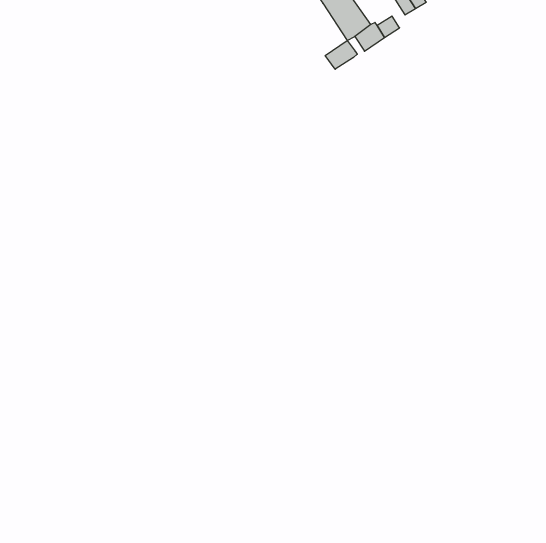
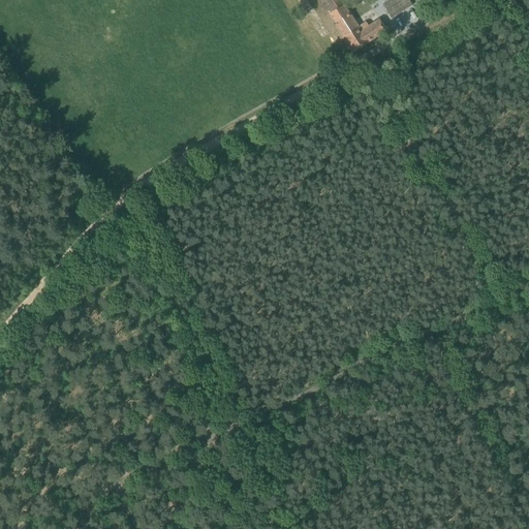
building: [325,41,357,69] -> none

